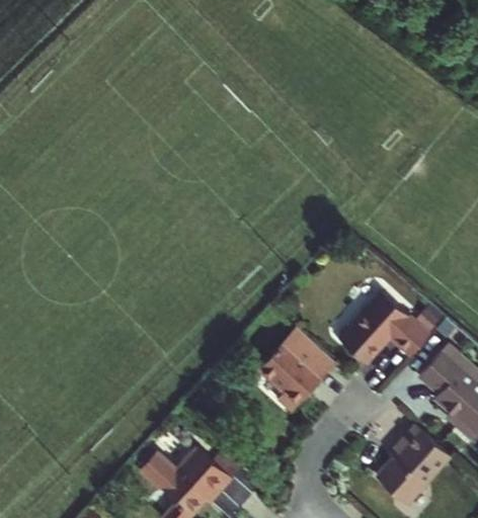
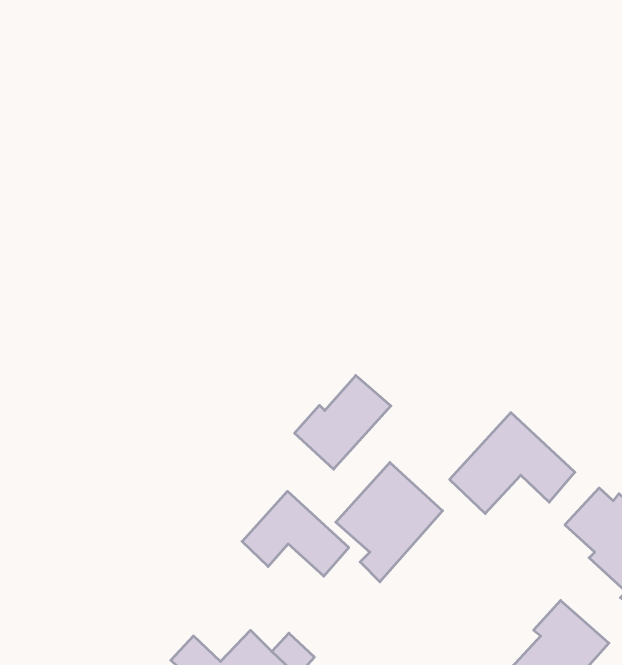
building: none -> [295,375,391,469]
building: none -> [242,491,349,576]

